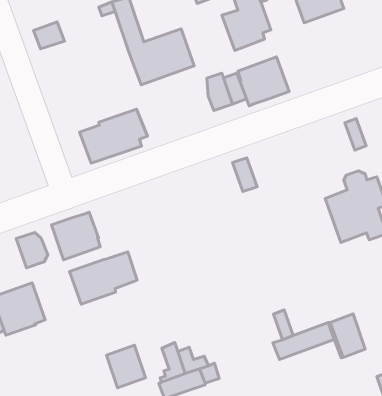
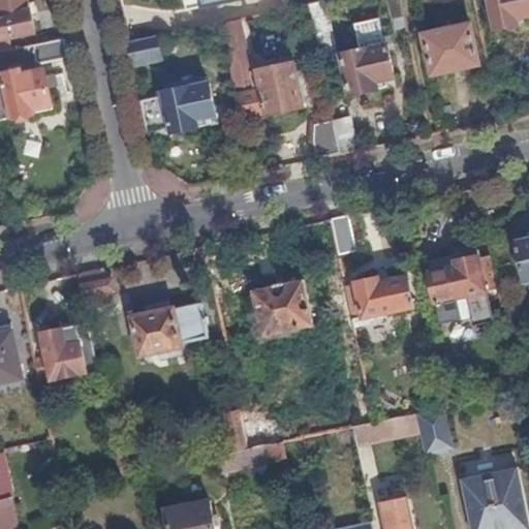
building: [238,57,289,106] -> none
building: [80,109,148,163] -> [139,83,215,136]
building: none -> [344,278,413,320]
building: [51,212,100,260] -> none
building: none -> [252,280,312,336]
building: [107,345,146,388] -> none

